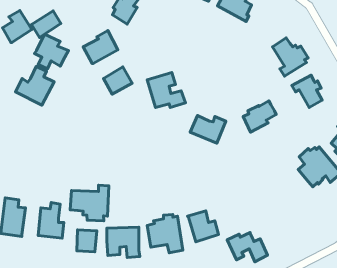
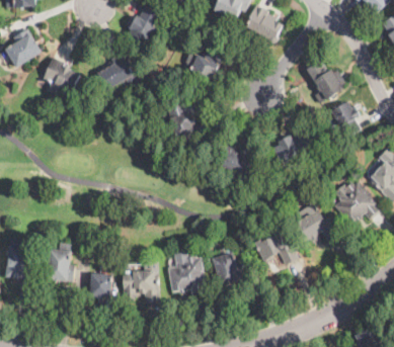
building: [31,11,61,37] -> none
building: none -> [183,46,225,84]
building: [16,67,54,105] -> none
building: [103,67,132,94] -> none
building: none -> [292,208,339,243]
building: [70,185,109,221] -> none
building: [227,232,268,262] -> [254,234,299,266]

